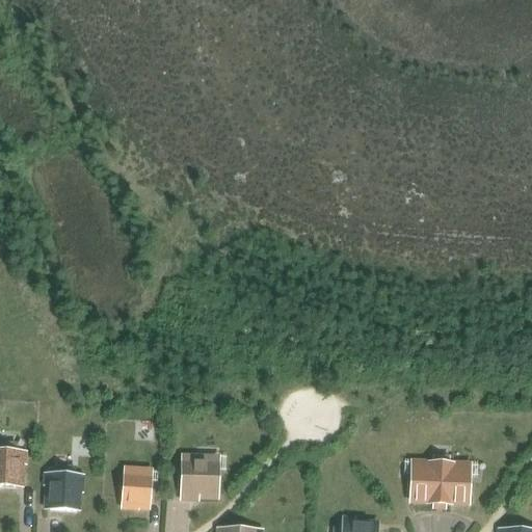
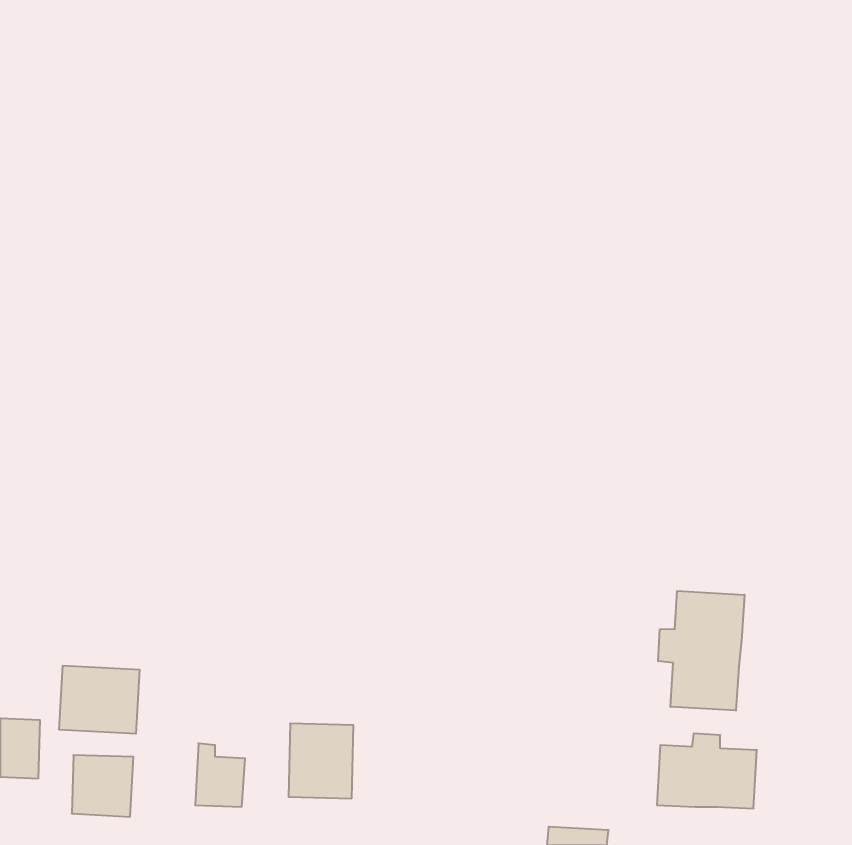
building: none -> [658,591,745,711]
building: none -> [59,666,140,734]

